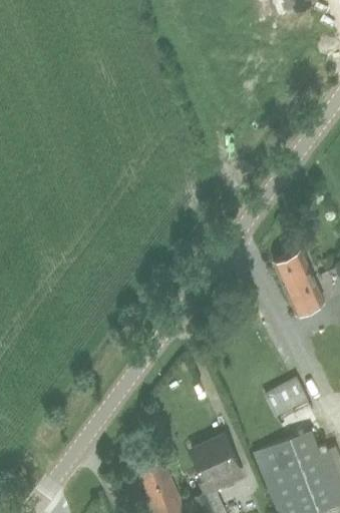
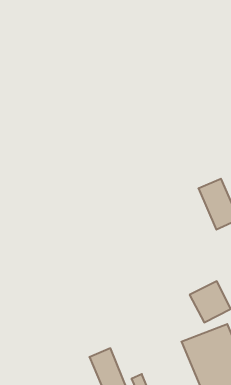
building: [194,437,238,492] -> none

